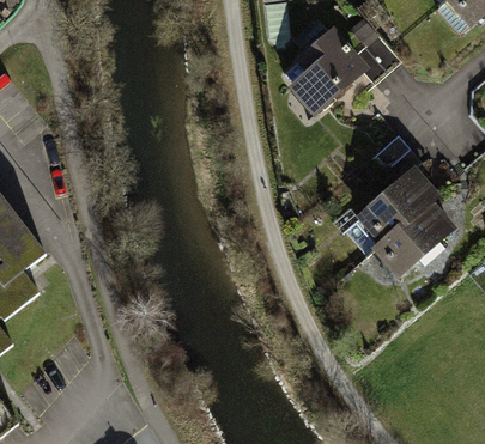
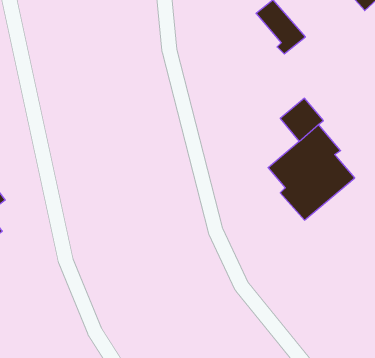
building: [287,26,371,114] -> none

